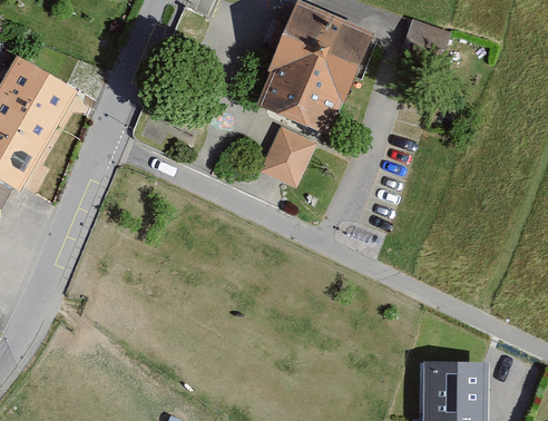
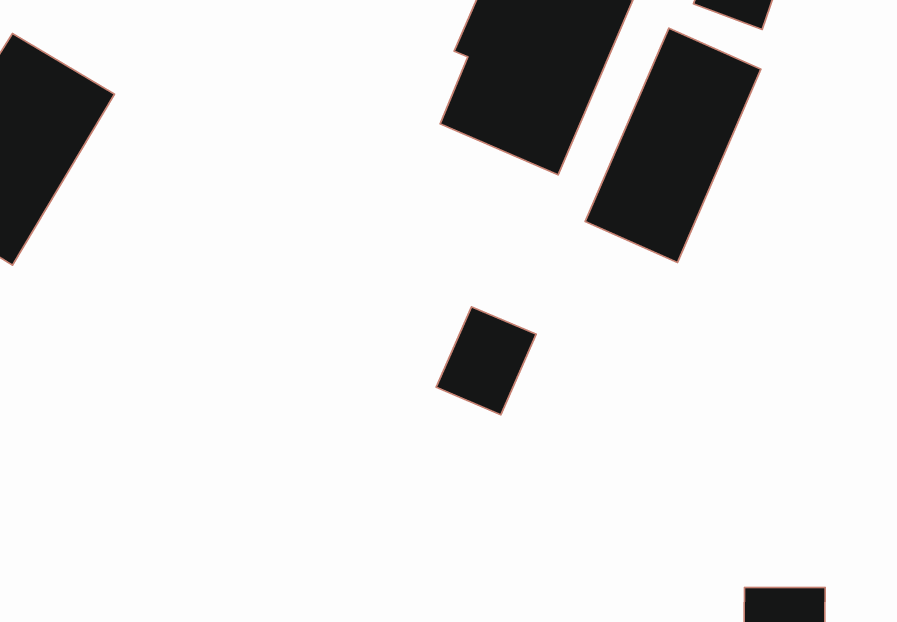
building: none -> [585,28,761,263]
building: [260,126,316,187] -> [436,307,536,415]

